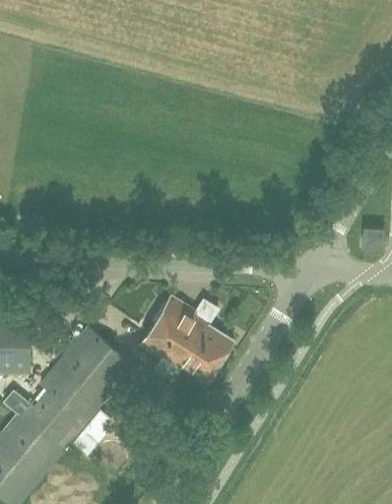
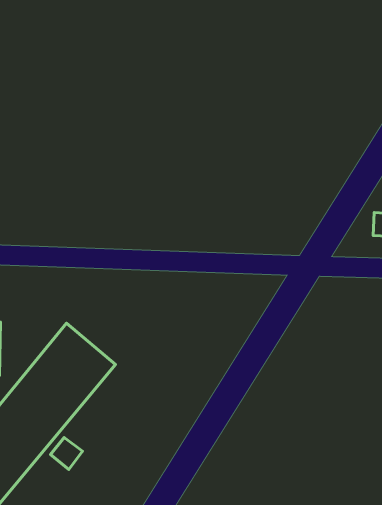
building: [140,298,234,382] -> none

